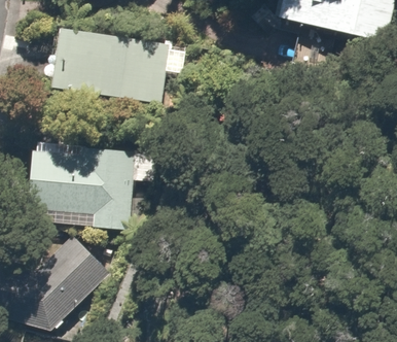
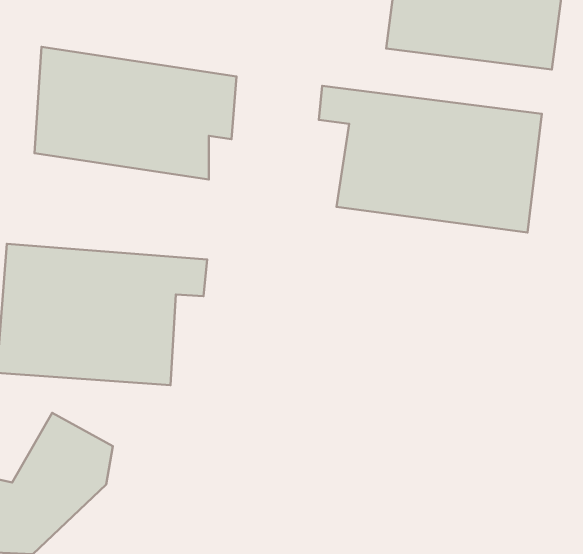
building: none -> [319,86,542,232]

